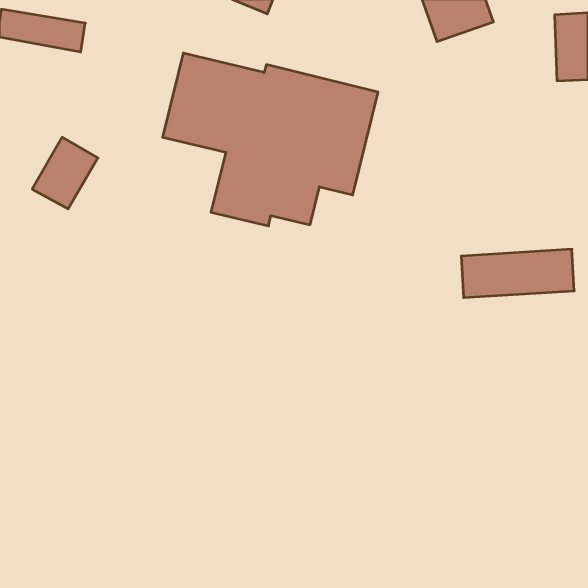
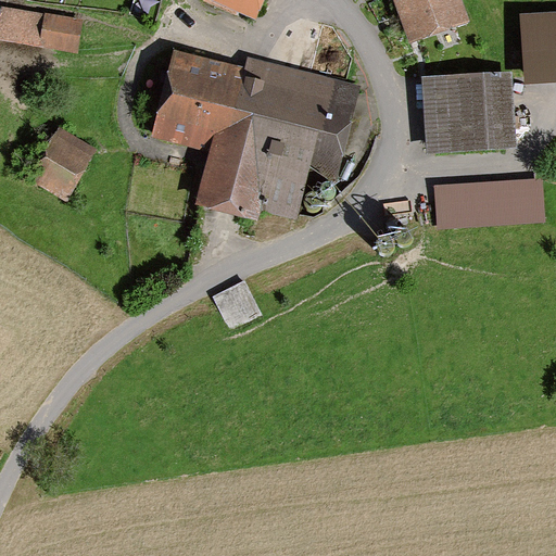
building: none -> [424,74,513,149]
building: [461,249,574,298] -> [435,179,542,225]
building: none -> [216,283,256,325]

